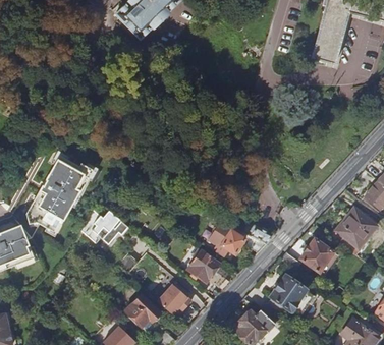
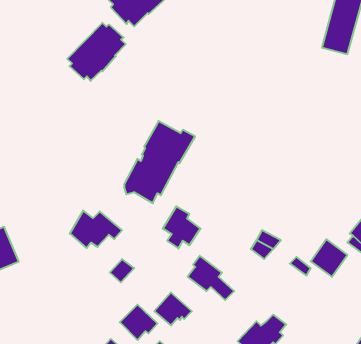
building: none -> [67,23,126,81]
building: [25,155,91,230] -> [124,121,195,203]
building: [210,220,244,258] -> [163,206,201,249]
building: [266,275,307,313] -> none

